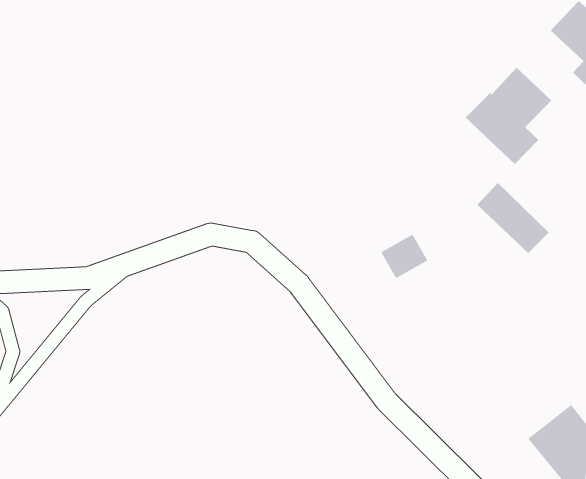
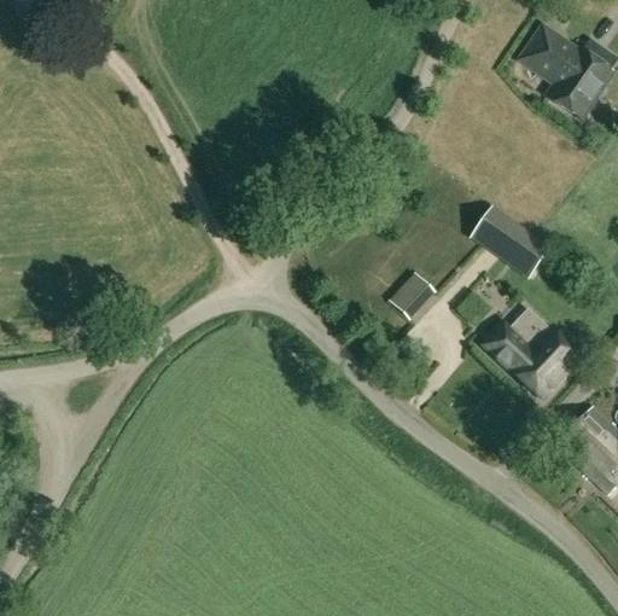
building: [465,67,552,165] -> none
building: none -> [484,308,579,397]

